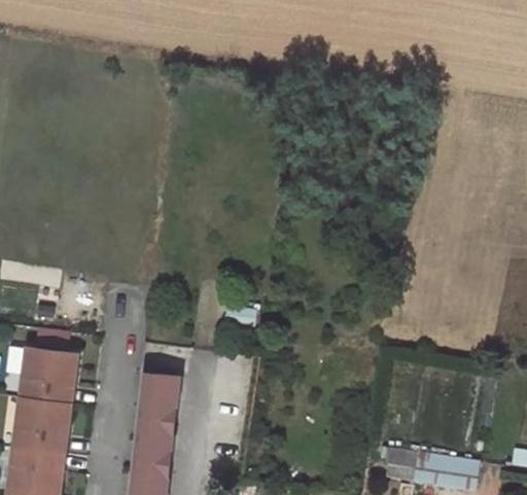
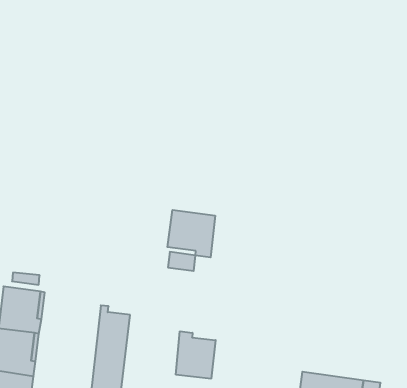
building: none -> [167,210,215,257]
building: none -> [176,331,216,379]

